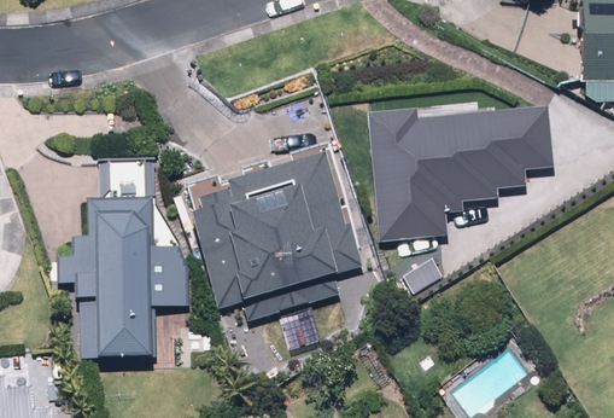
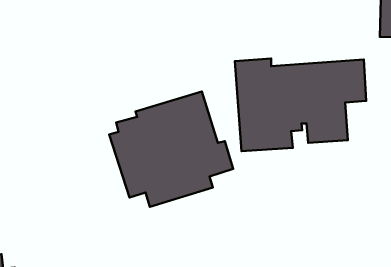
building: [55,201,187,358] -> none

